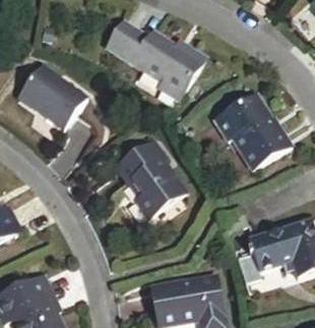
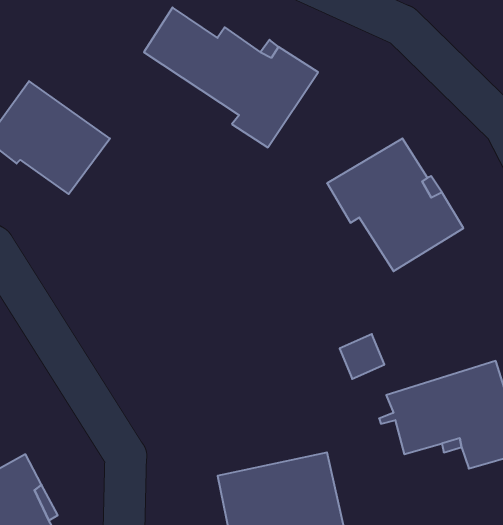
building: [110,140,183,216] -> none

